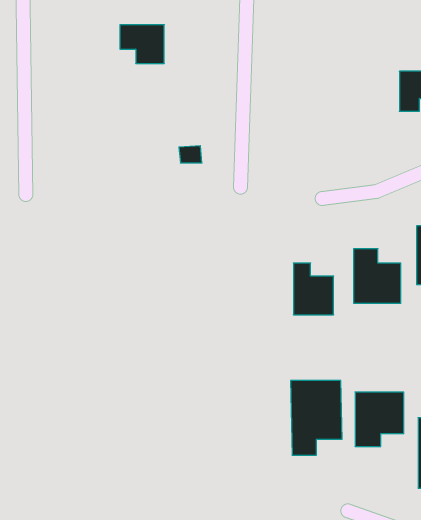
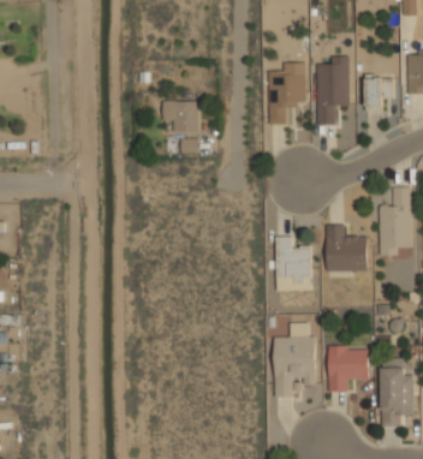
building: [120,25,164,63] -> [162,100,199,132]
building: none -> [317,55,350,125]
building: none -> [269,61,305,124]

